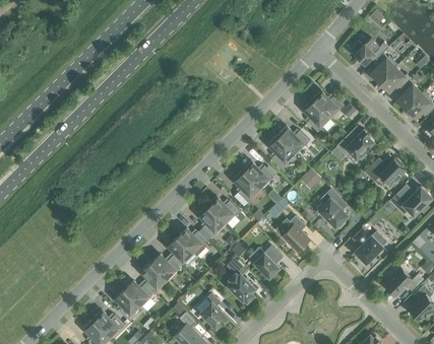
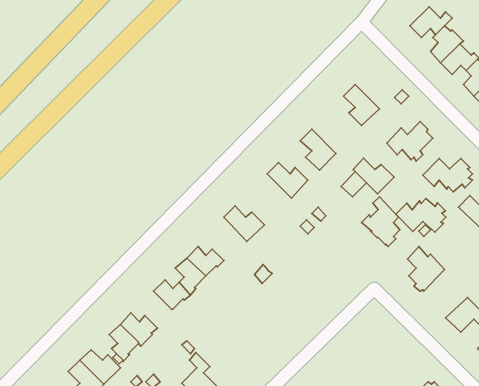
building: [312,90,345,119] -> none
building: [277,126,310,154] -> [353,158,394,194]
building: [234,170,261,203] -> none
building: none -> [396,199,446,232]
building: [198,205,226,237] -> none
building: [283,216,310,253] -> none
building: [254,248,281,278] -> none
building: [228,259,255,301] -> none
building: [142,264,169,293] -> none
building: [201,293,228,328] -> none

